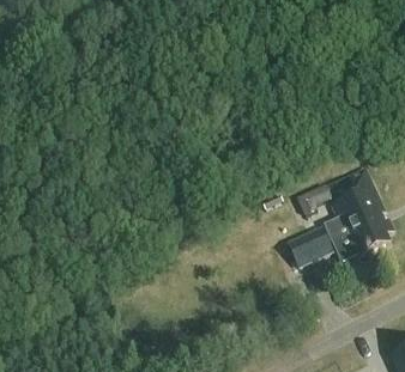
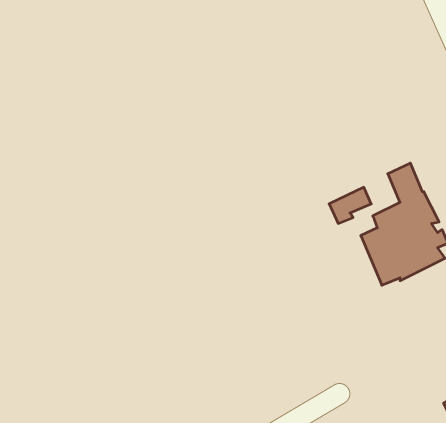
building: [290,227,336,268] -> none

